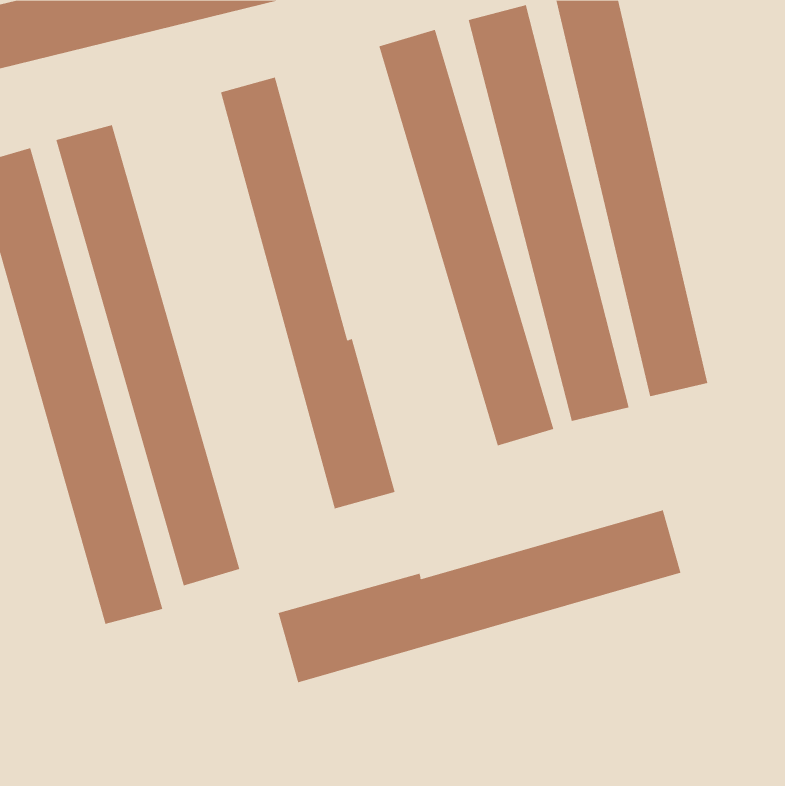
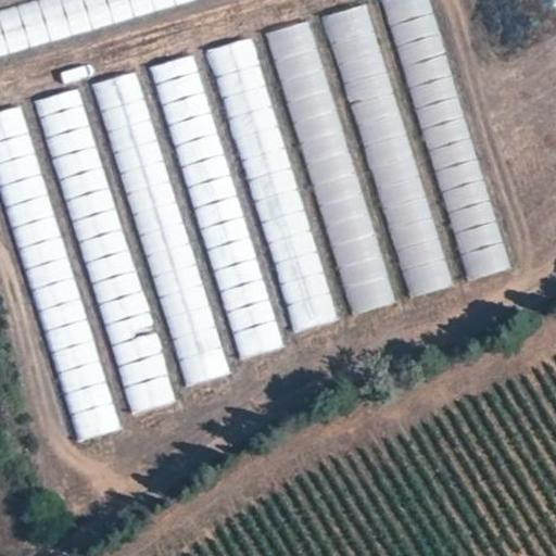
building: none -> [214,37,330,332]
building: none -> [97,71,224,387]
building: [278,509,681,683] -> none

